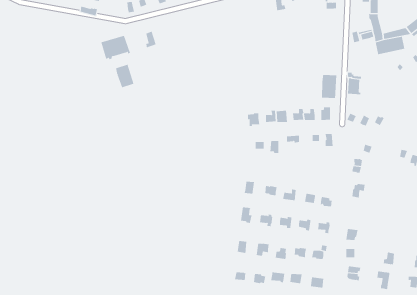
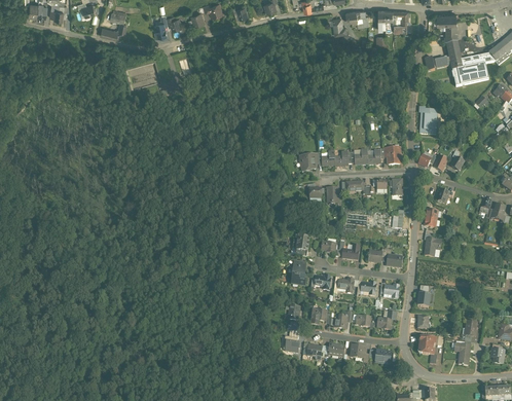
building: [116,64,134,88] -> none
building: [322,74,337,99] -> none

